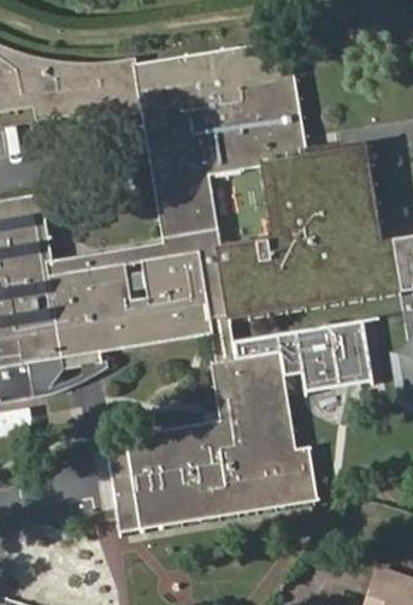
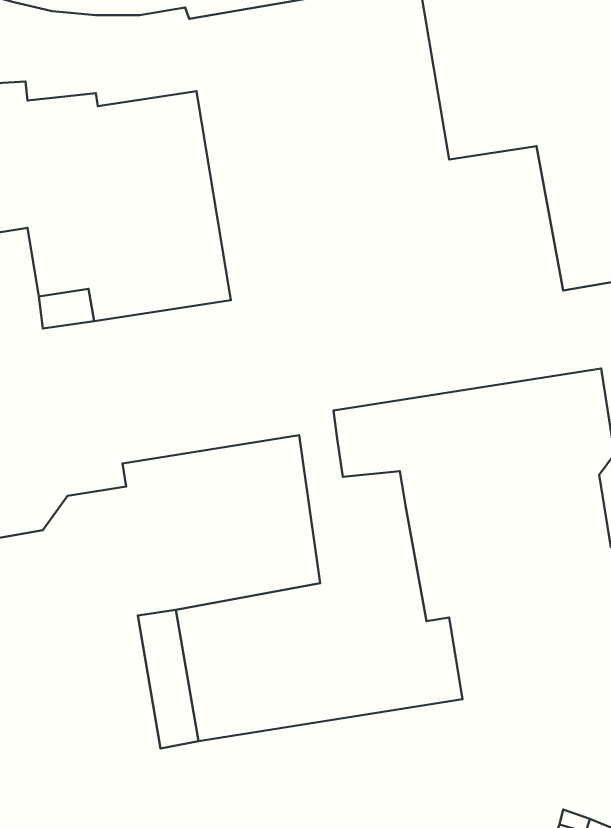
building: [236,319,372,390] -> none

